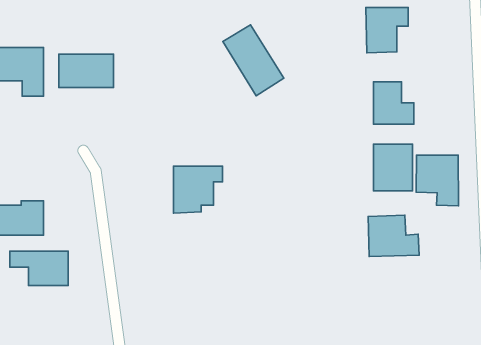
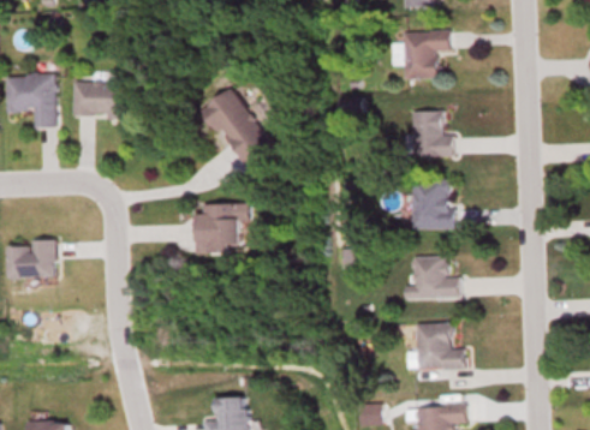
building: [223,25,284,96] -> [204,86,270,163]
building: [416,155,458,206] -> none
building: [10,251,68,286] -> none
building: none -> [417,322,465,369]

